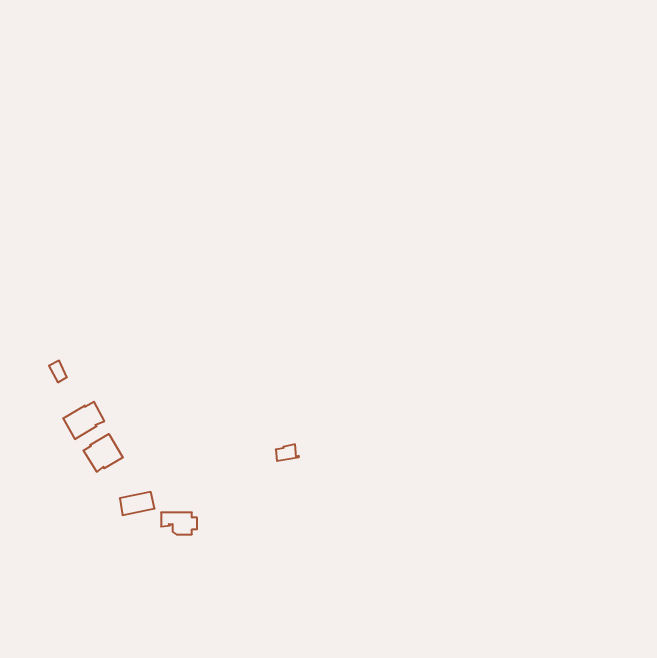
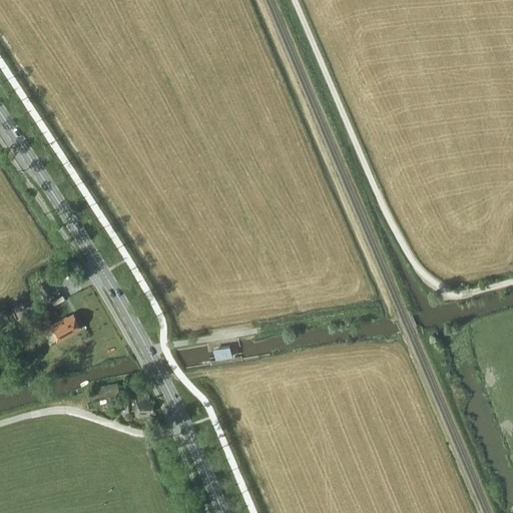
building: [83,434,123,472] -> none

